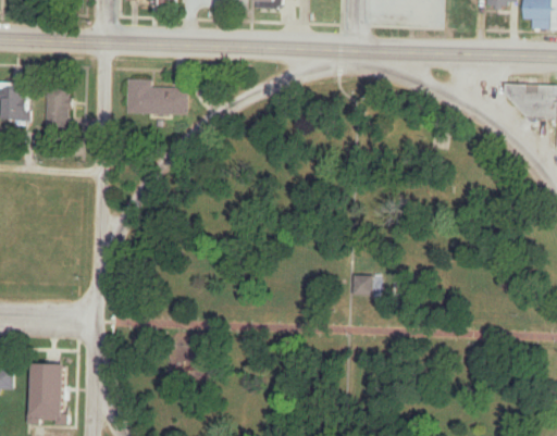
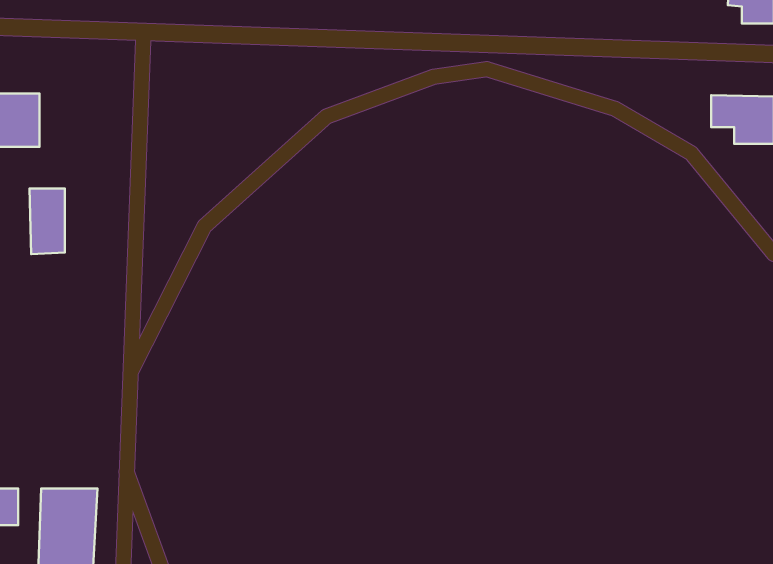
building: [124,78,184,114] -> none
building: [45,84,70,130] -> [30,189,65,254]
building: [351,275,377,297] -> none

